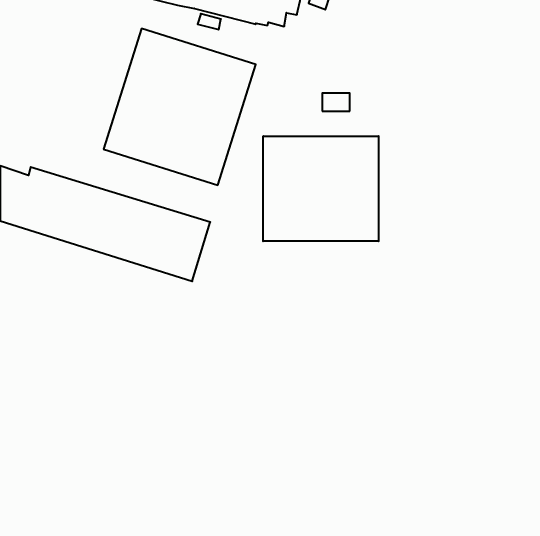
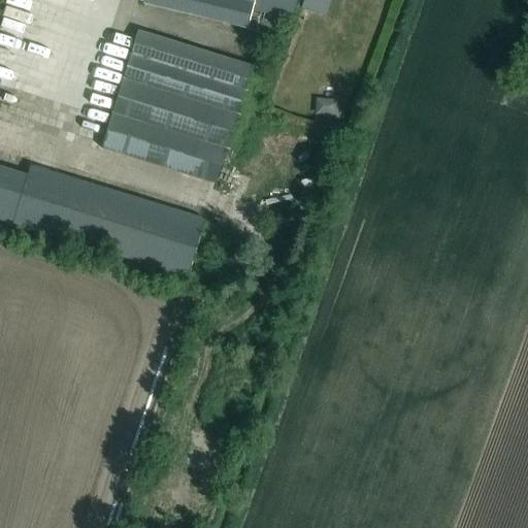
building: [263,136,379,241] -> none

